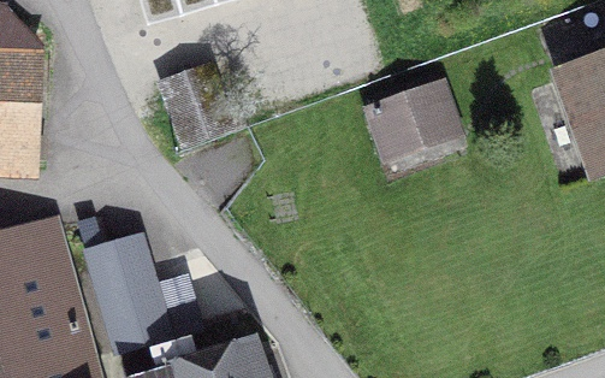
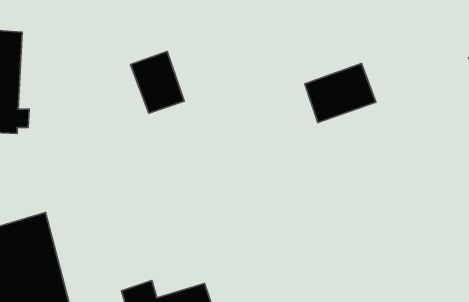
building: [79,214,168,348] -> none

